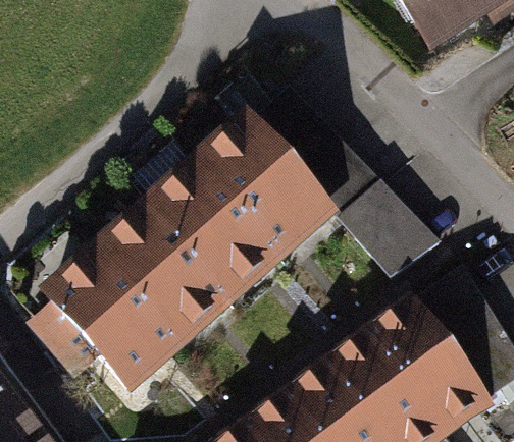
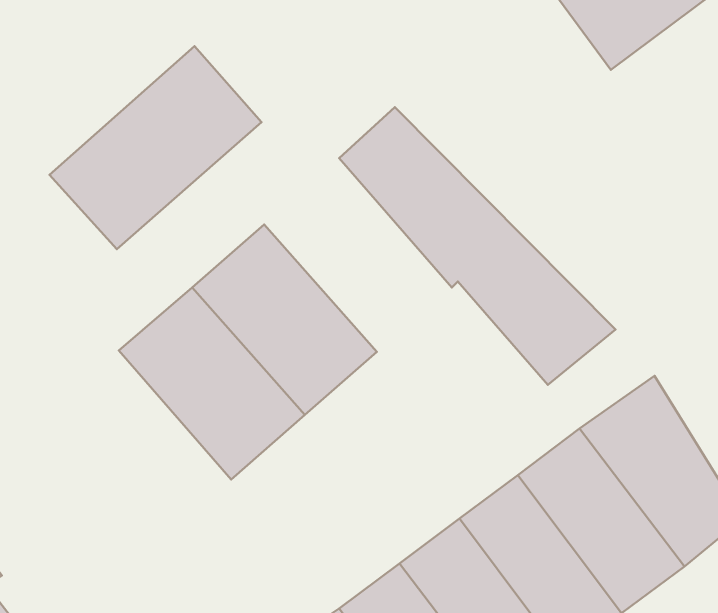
building: none -> [49,46,261,249]
building: [200,123,327,255] -> none
building: [33,254,177,385] -> none

